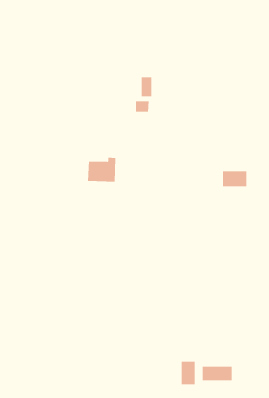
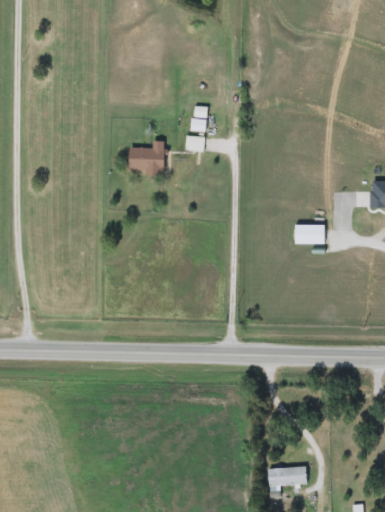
building: [87,157,116,182] -> [128,143,164,174]
building: [181,361,195,385] -> none

